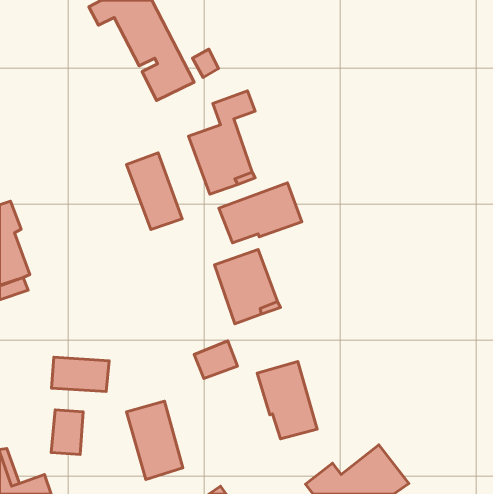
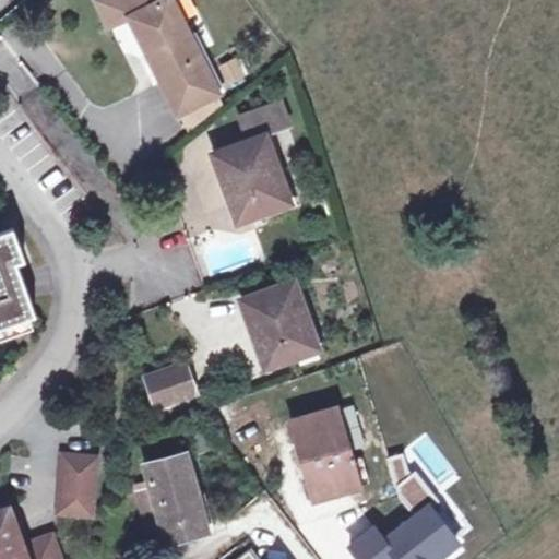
building: [127,153,182,229] -> none
building: [219,183,302,243] -> none
building: [194,341,238,379] -> [146,364,195,406]
building: [52,357,109,391] -> none

